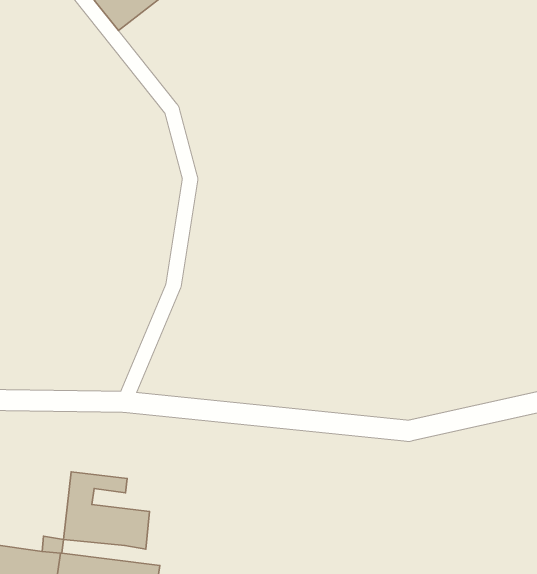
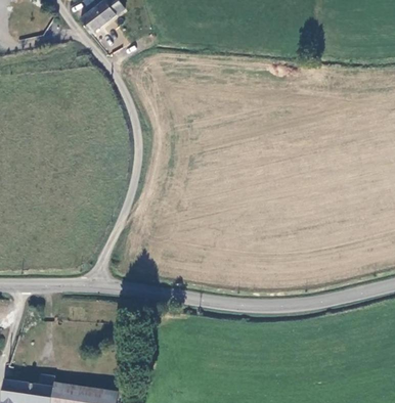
building: [63,472,150,549] -> none

